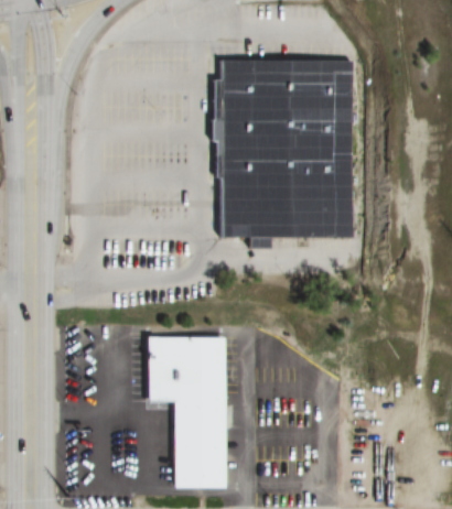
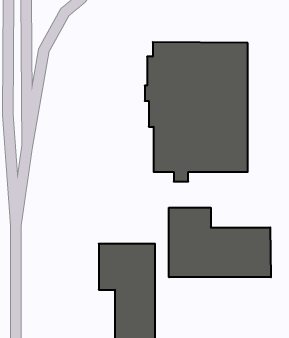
building: none -> [169,208,271,277]

